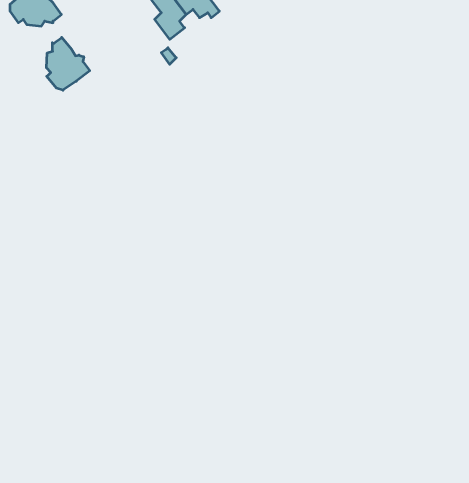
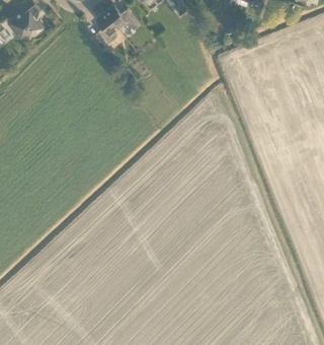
building: [46,37,90,90] -> none

